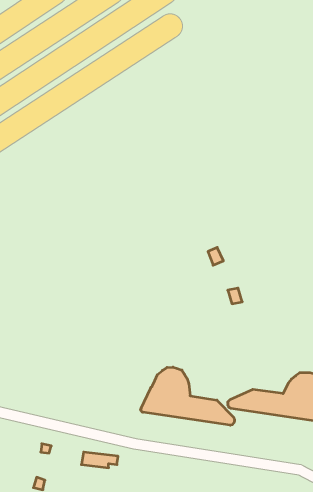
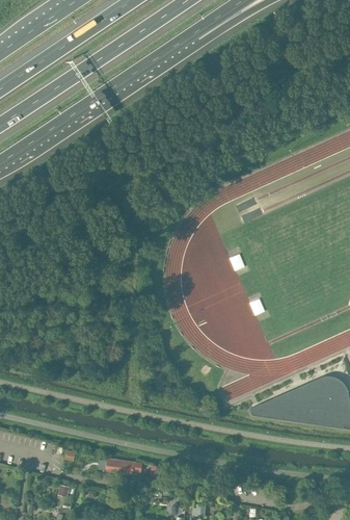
building: [141,367,235,425] -> none

